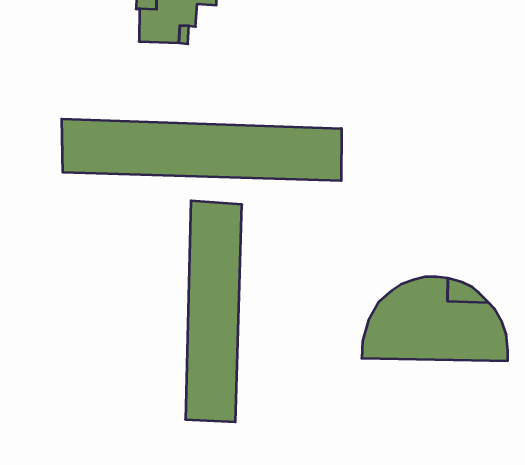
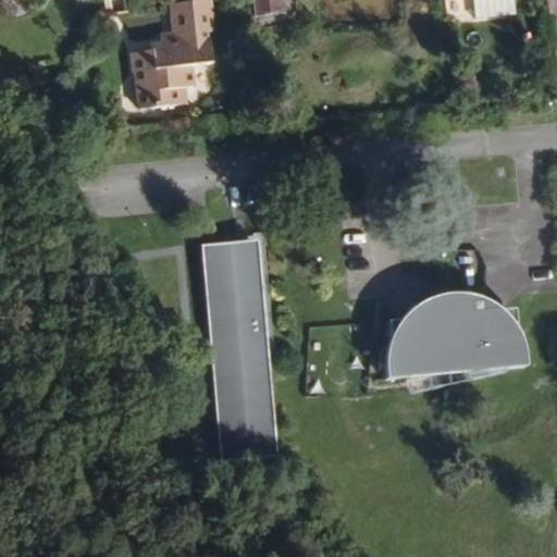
building: [62,119,341,181] -> none

